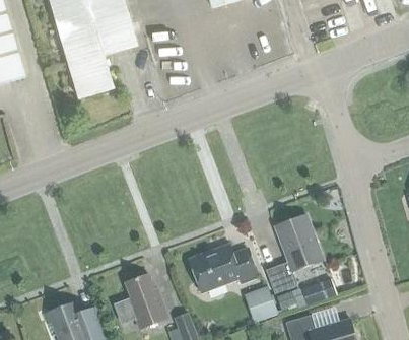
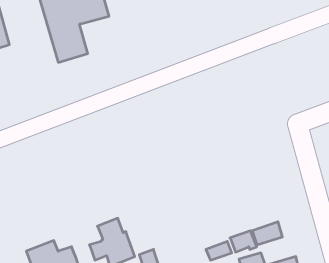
building: [265,214,322,292] -> none
building: [190,241,259,288] -> none

